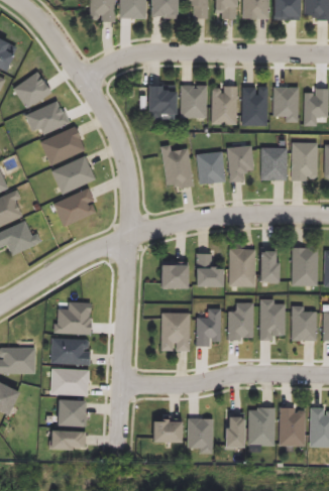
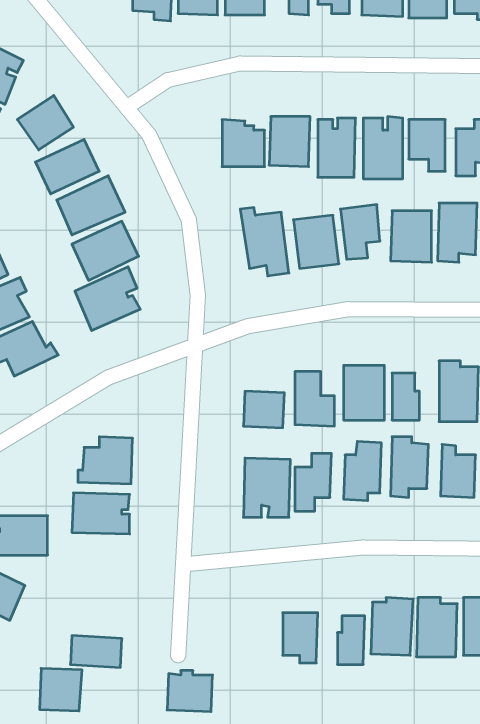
building: [48,365,88,393] -> none
building: [56,398,84,426] -> [40,668,82,711]
building: [153,418,184,446] -> [167,671,213,712]

